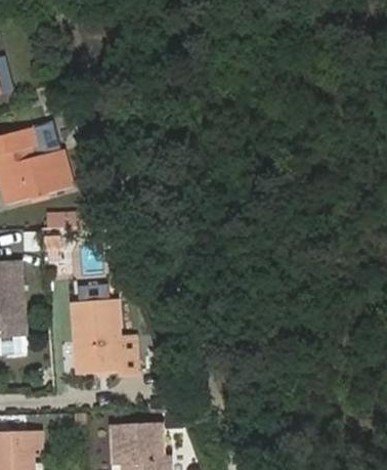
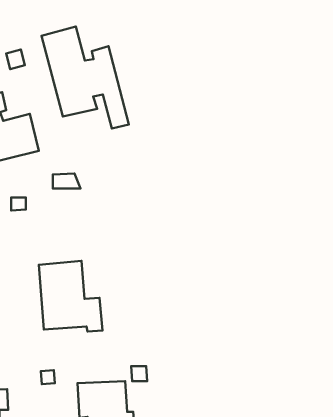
building: none -> [41,26,129,129]

